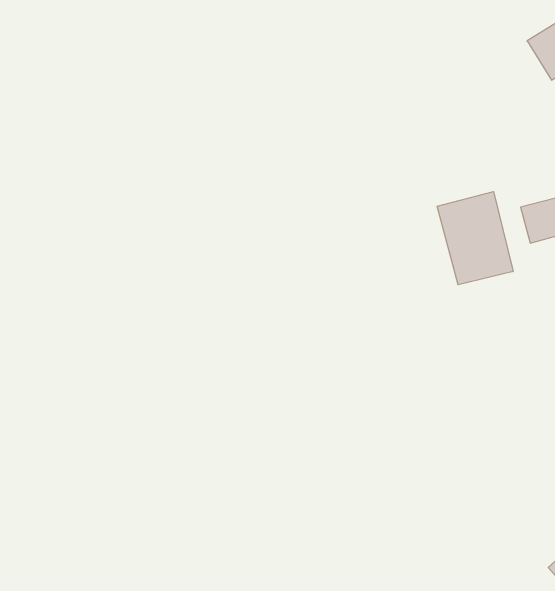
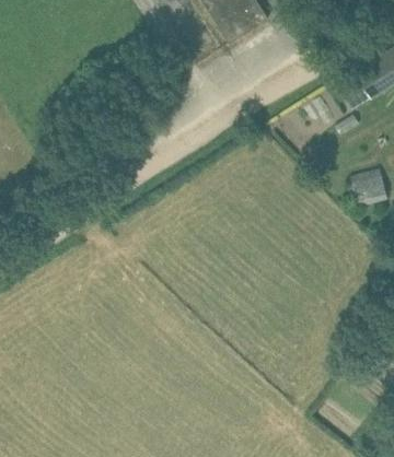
building: [437,192,513,285] -> none

